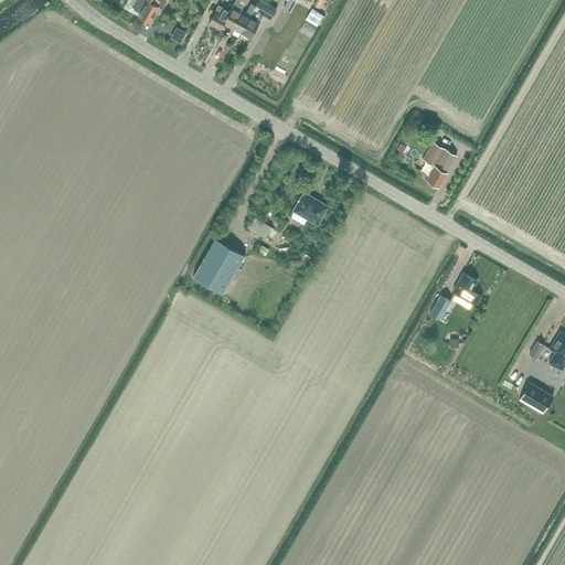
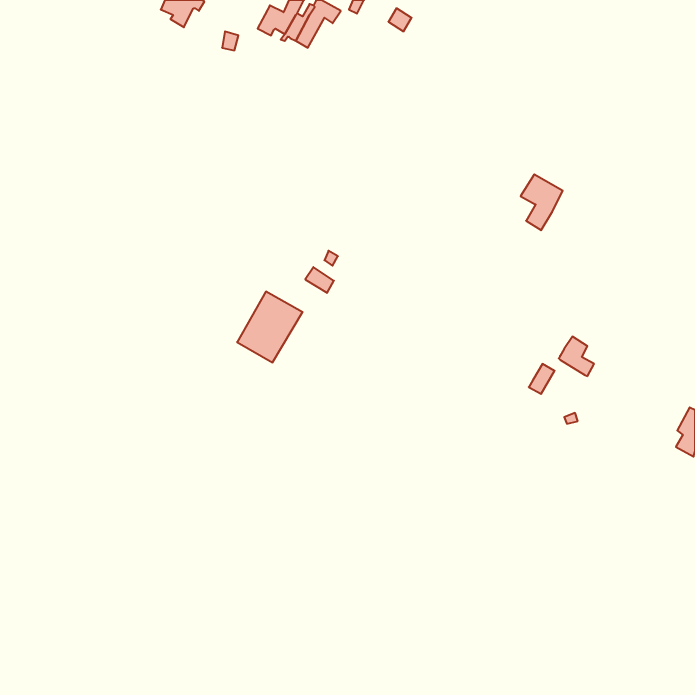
building: [290,193,328,225] -> none
building: [521,382,553,412] -> none

